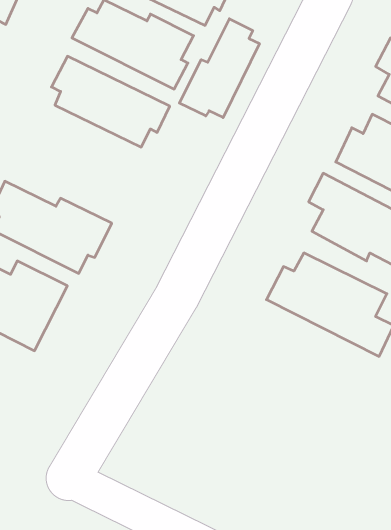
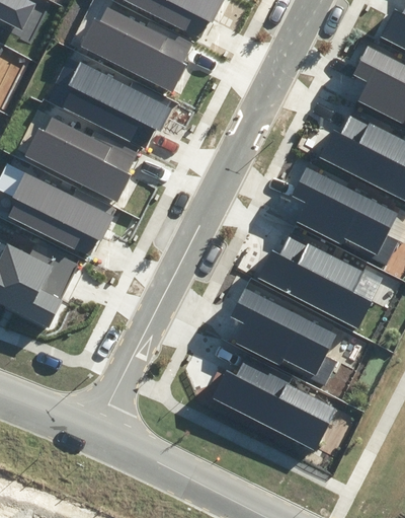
building: [179,19,259,118] -> none
building: none -> [27,122,136,202]
building: none -> [231,288,332,373]
building: none -> [211,355,333,447]

